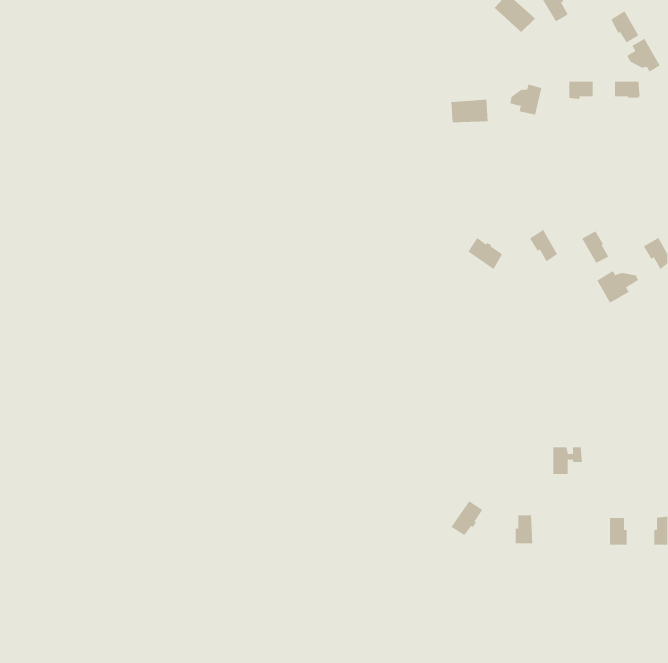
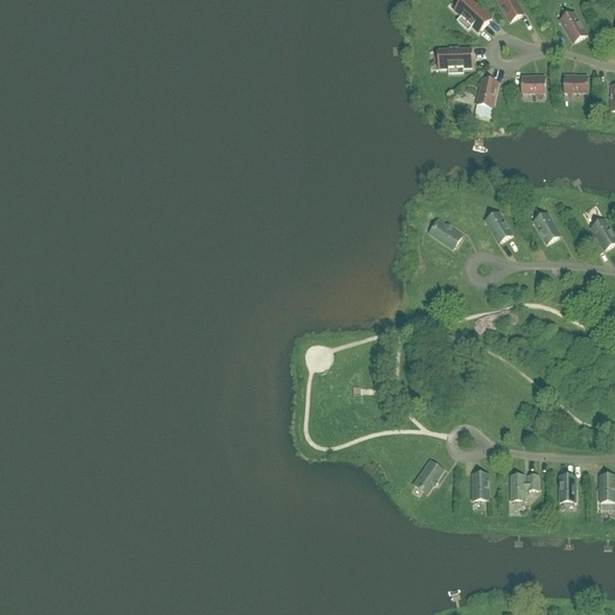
building: [626,38,661,73] -> none
building: [451,99,489,123] -> [437,46,472,67]
building: [596,270,639,303] -> none
building: [553,447,583,474] -> [510,473,538,498]

